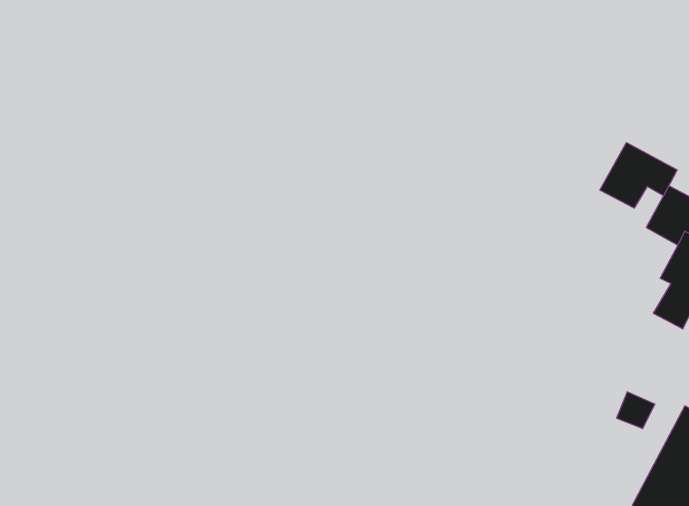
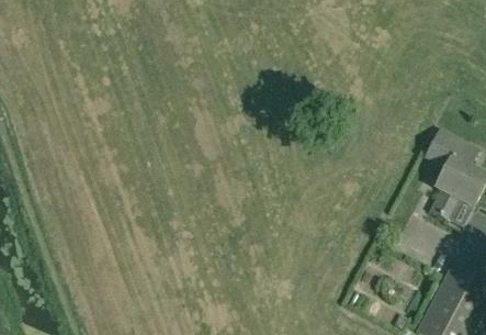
building: [600,143,677,208] -> none

